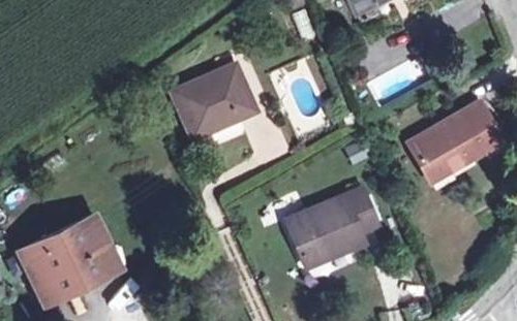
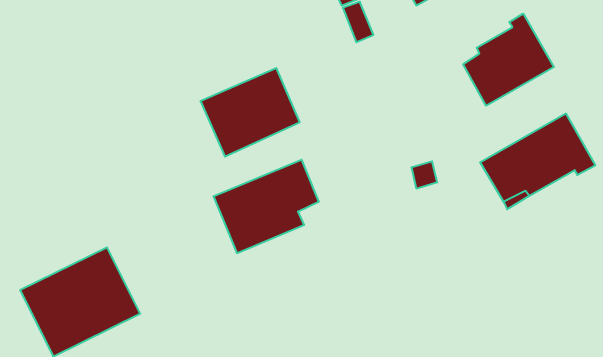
building: none -> [463,14,554,106]
building: [287,190,376,268] -> [213,160,319,253]

